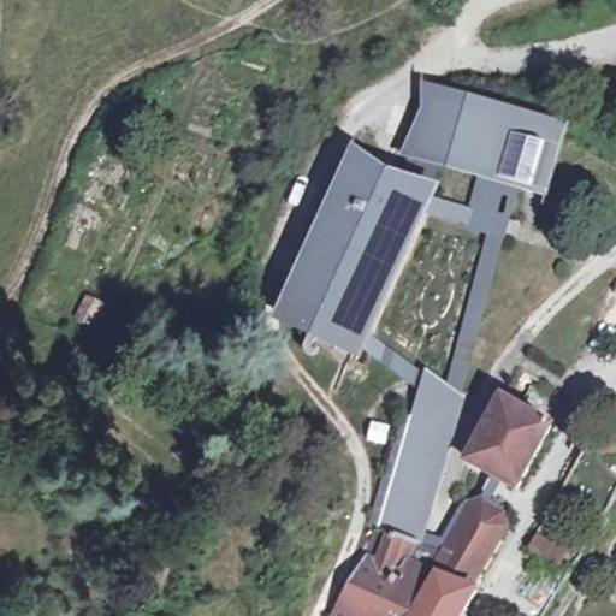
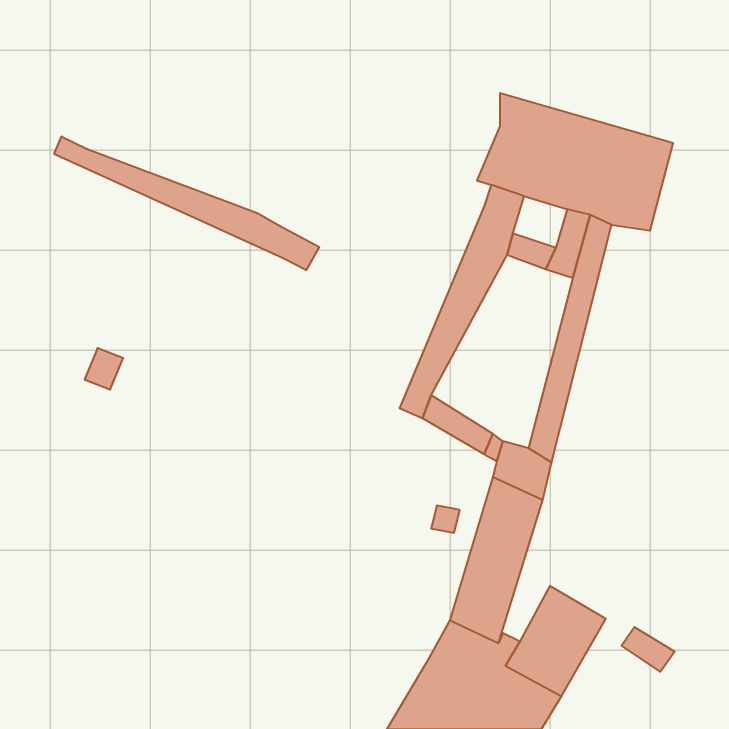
building: none -> [54,136,319,270]
building: [272,143,407,343] -> none
building: [460,389,550,487] -> none

